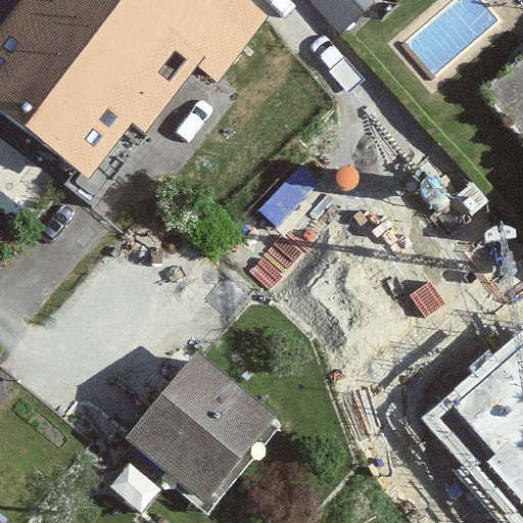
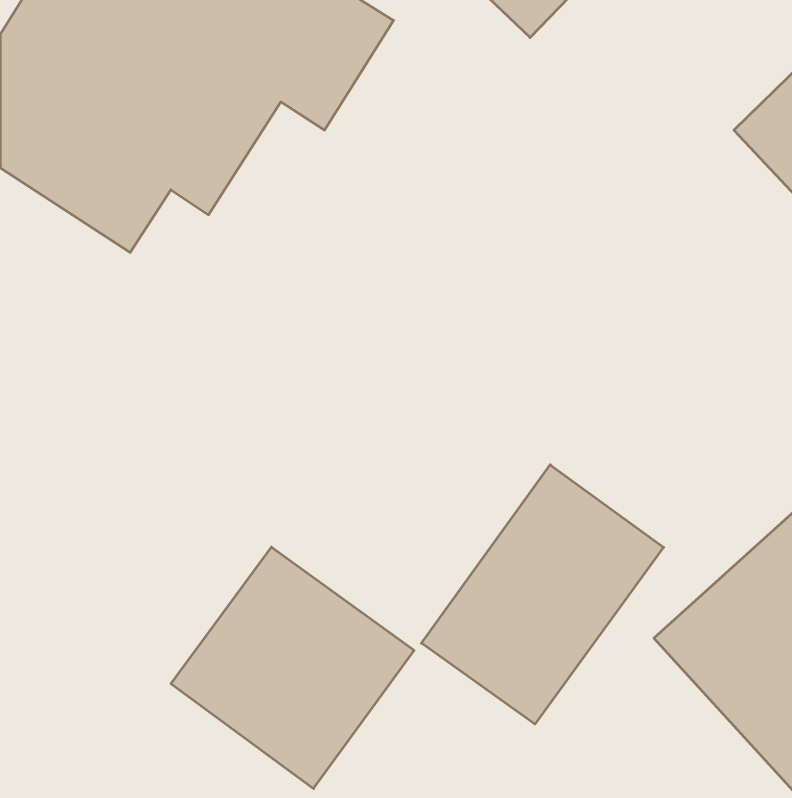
building: none -> [421,465,664,724]

